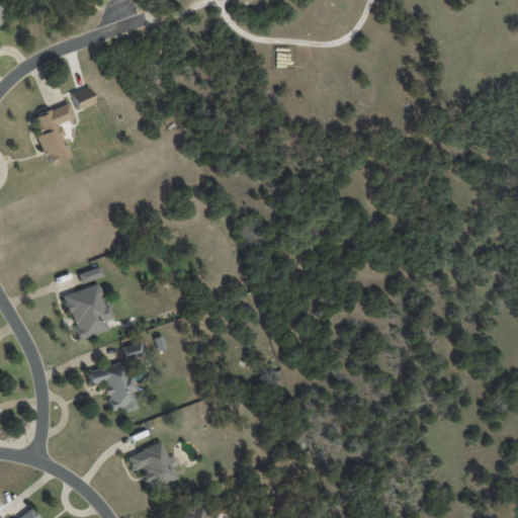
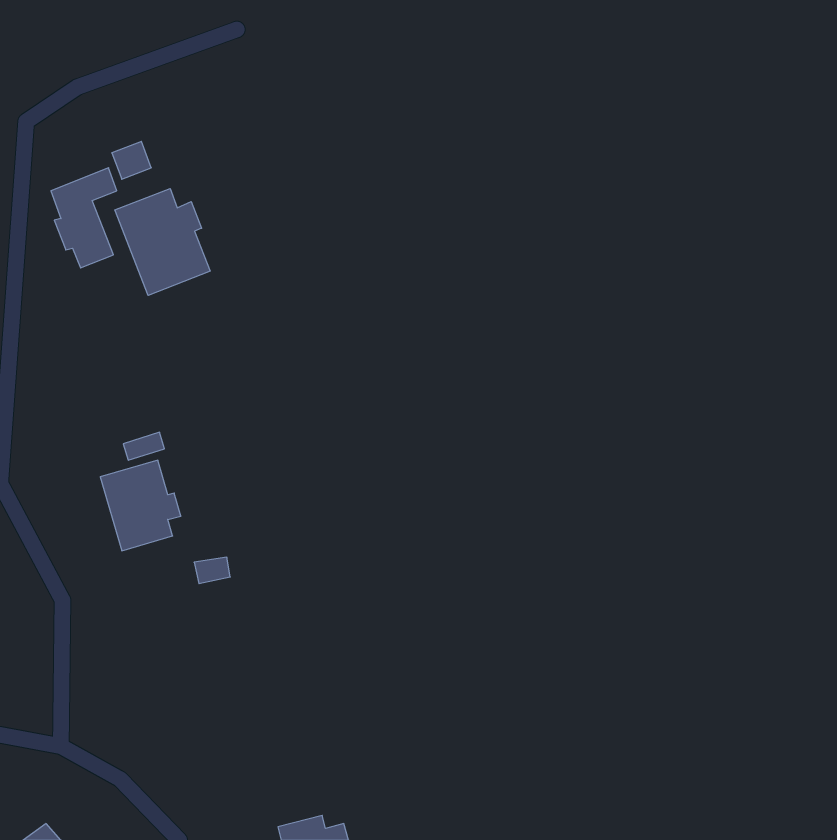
building: none -> [115,189,210,295]
building: [87,361,139,412] -> none
building: [126,441,177,491] -> none

